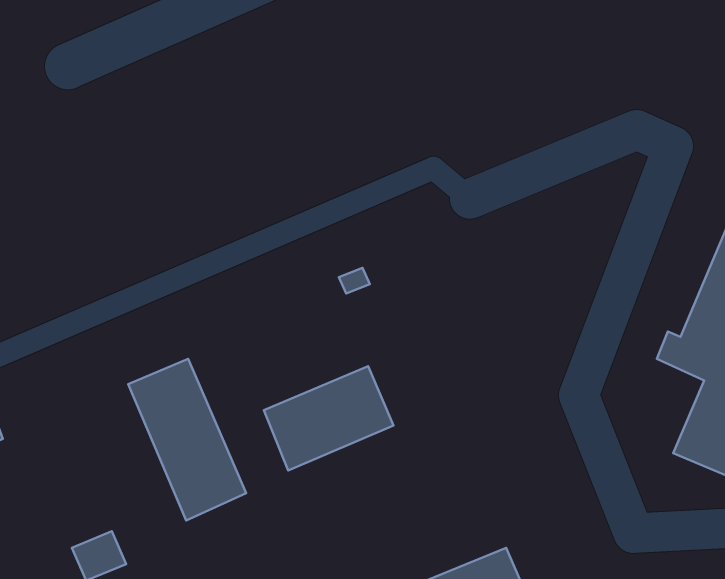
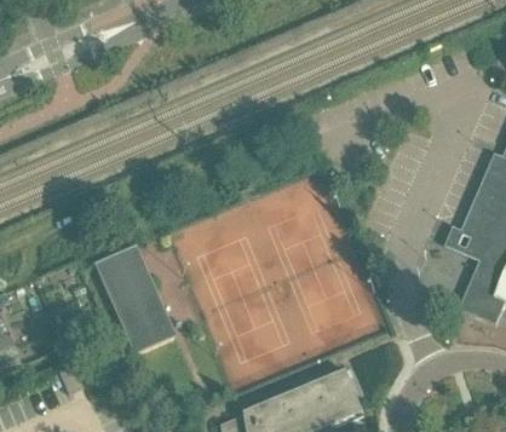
building: [264,366,394,470] -> none

